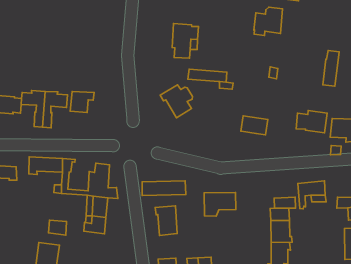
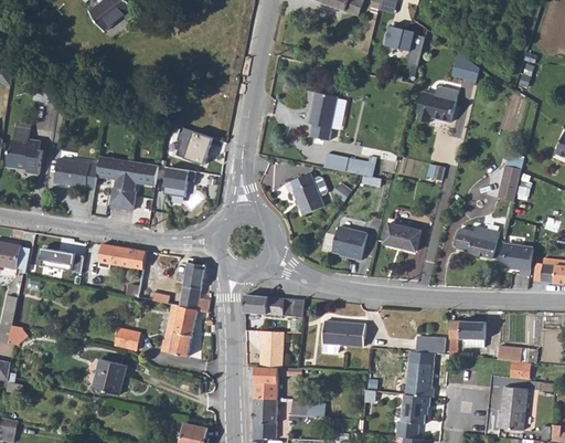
building: none -> [173,127,211,165]
building: none -> [331,226,365,261]
building: none -> [254,368,278,400]

